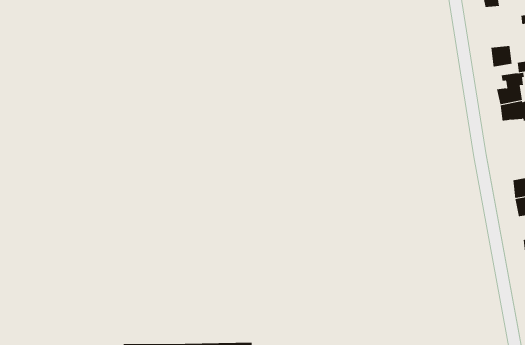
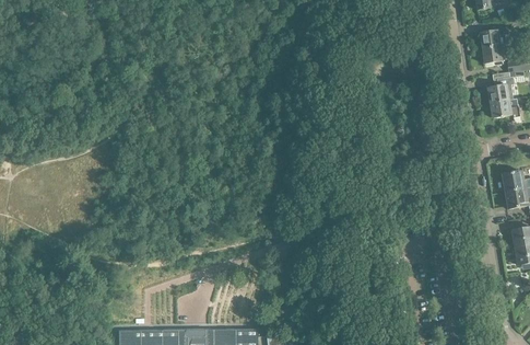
building: none -> [480,25,508,47]

